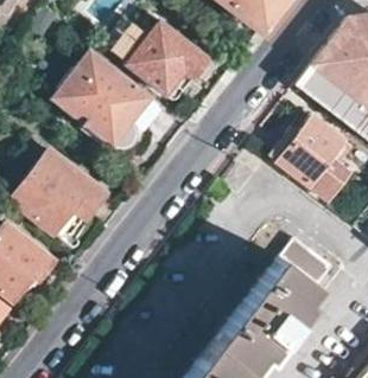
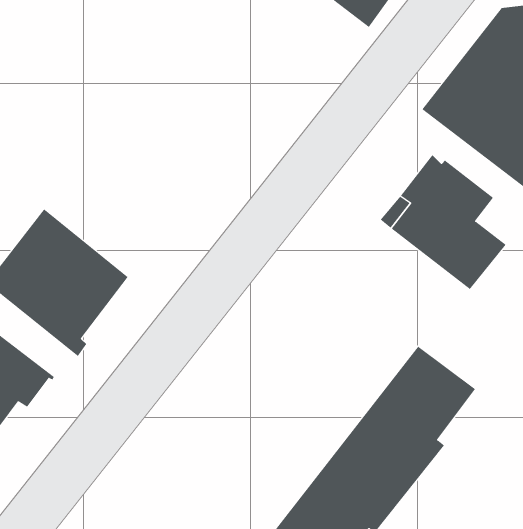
building: [126,21,210,96] -> none
building: [55,51,164,156] -> none

